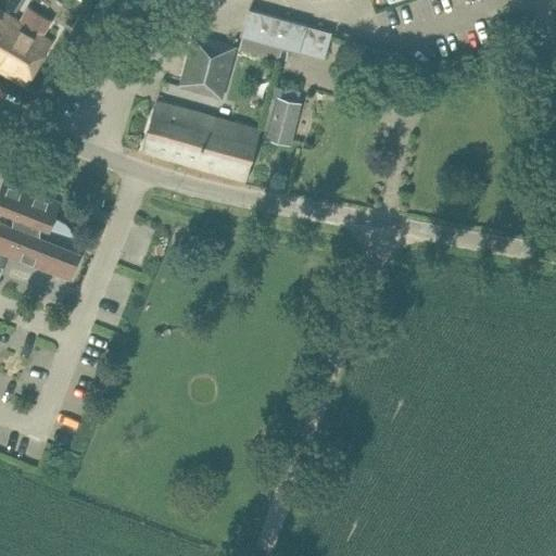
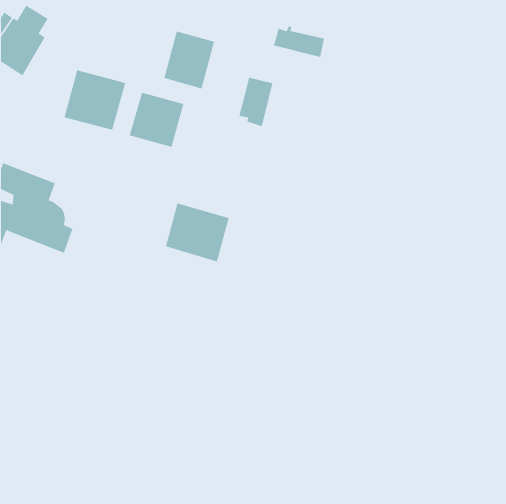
building: [238,10,307,62] -> none
building: none -> [64,69,126,131]
building: [189,116,260,181] -> [165,203,229,262]

